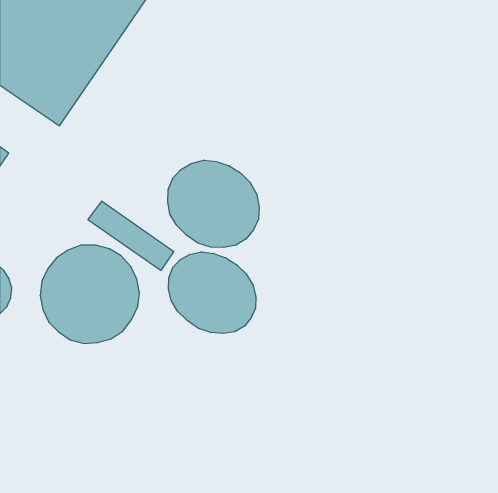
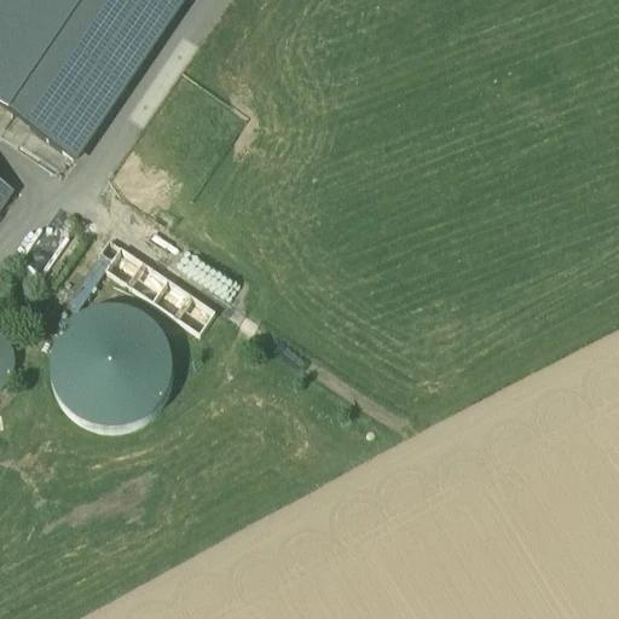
building: [168,160,259,247] -> none
building: [169,252,256,333] -> none

